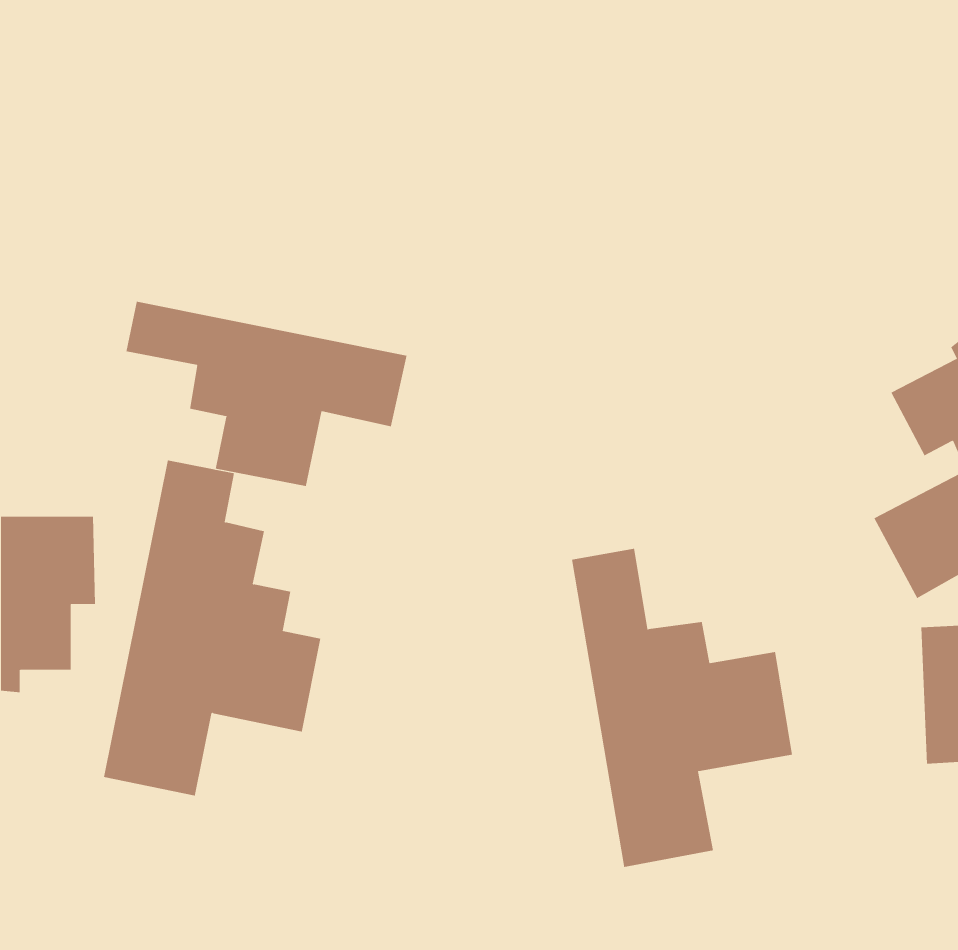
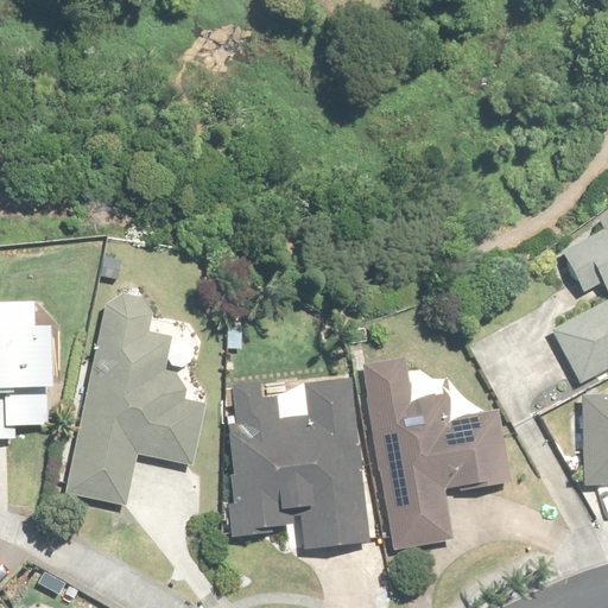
building: [126,301,407,487] -> none
building: none -> [227,375,368,552]

